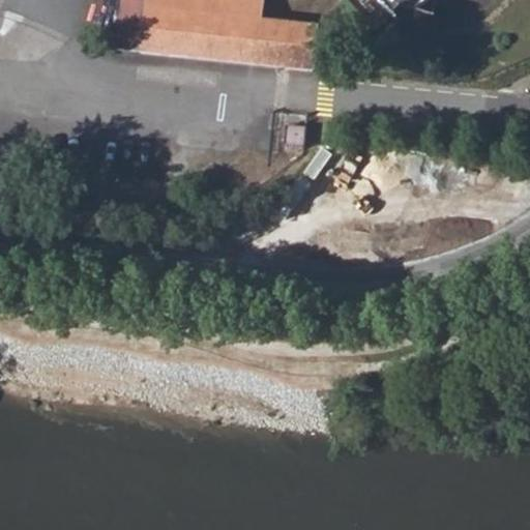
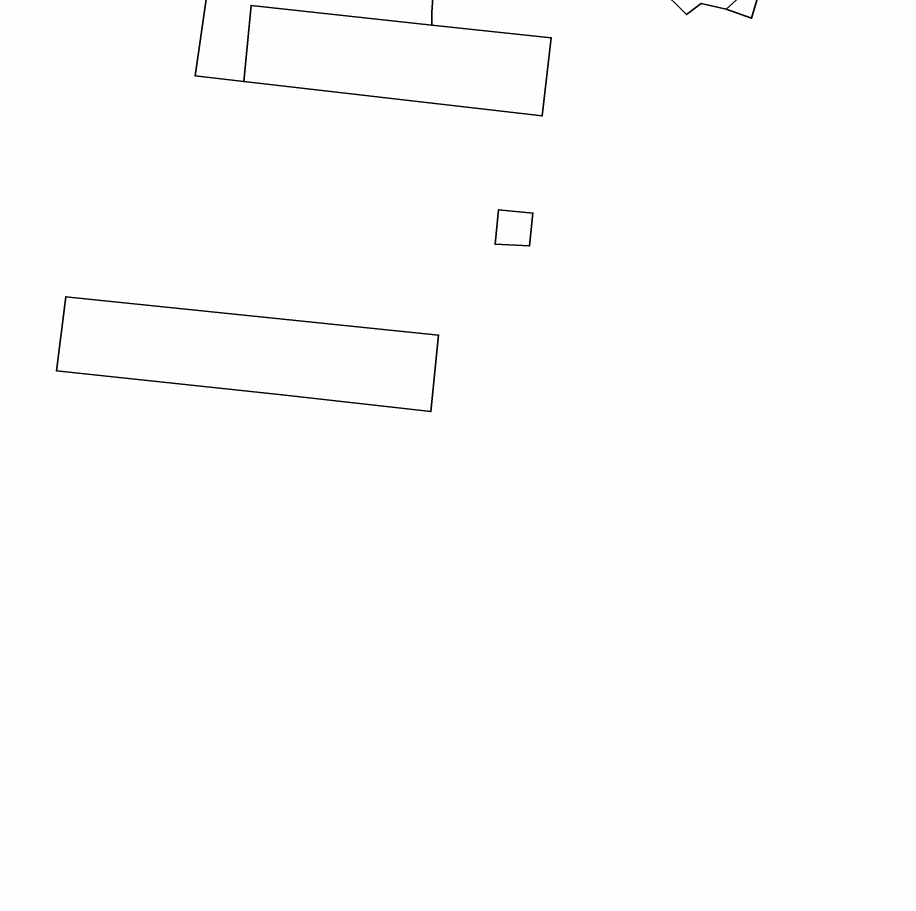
building: none -> [56,297,438,411]

